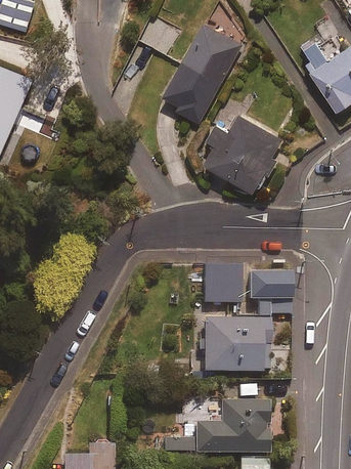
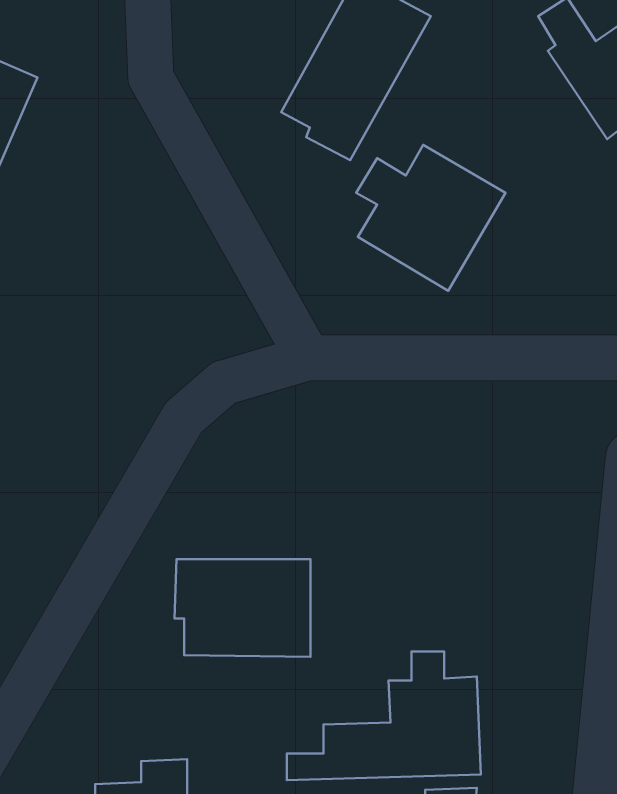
building: [203,265,240,303] -> none
building: [251,271,291,315] -> none
building: [196,319,269,372] -> [174,559,311,657]

